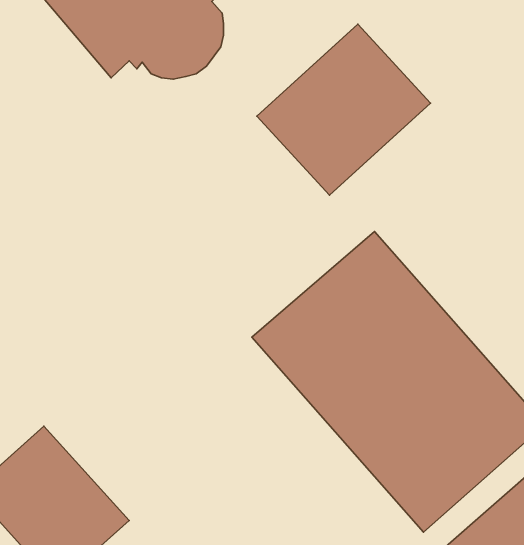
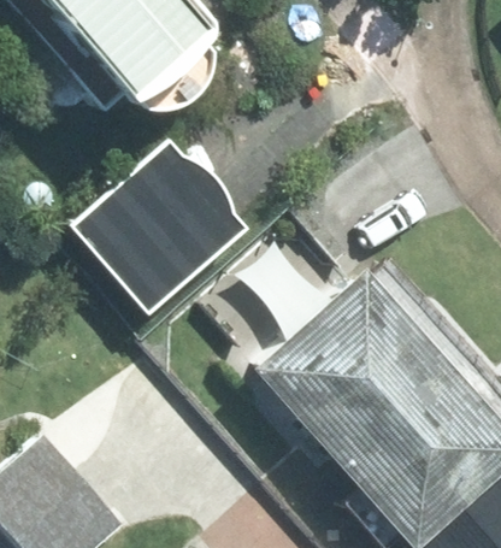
building: [257,24,431,195] -> none
building: none -> [71,137,247,313]

